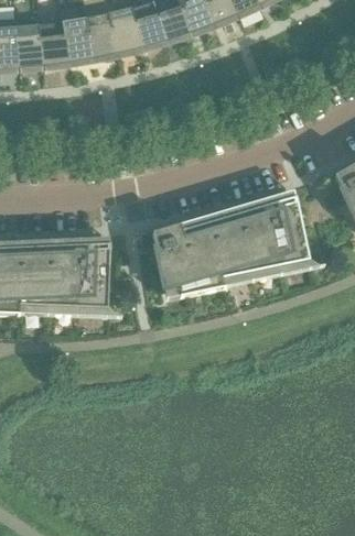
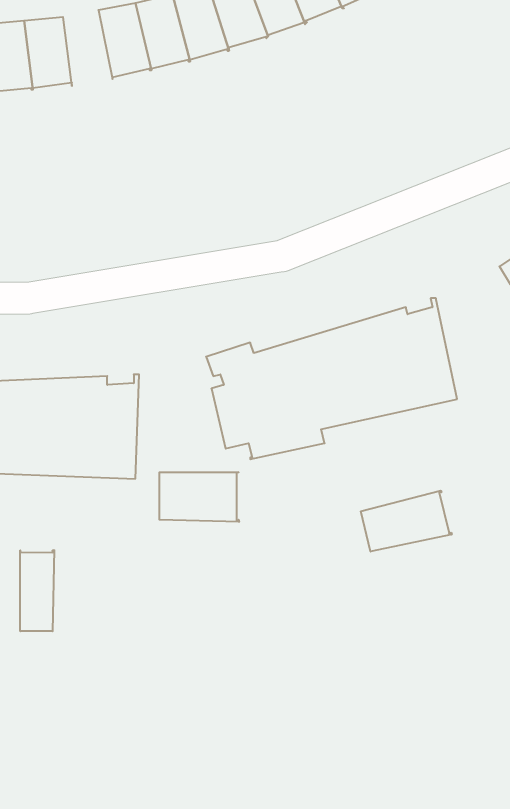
building: [62,14,93,62] -> none
building: none -> [159,472,239,522]
building: none -> [361,491,452,552]
building: none -> [20,550,54,631]

